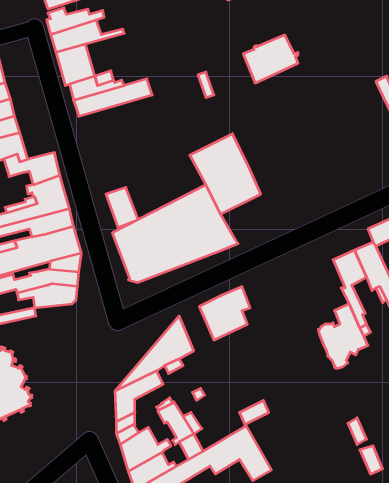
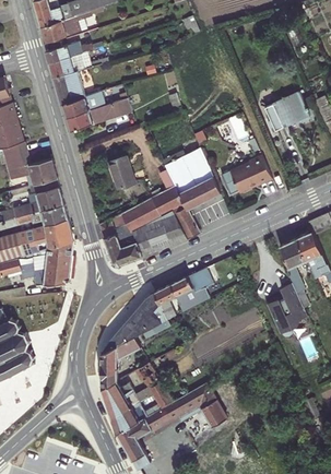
building: [243,35,298,83] -> [263,93,308,132]
building: none -> [221,156,272,195]
building: [106,187,138,228] -> [108,156,134,189]
building: none -> [153,285,175,321]

